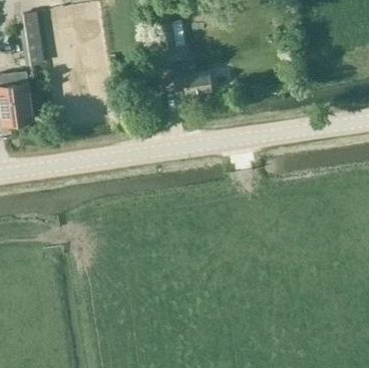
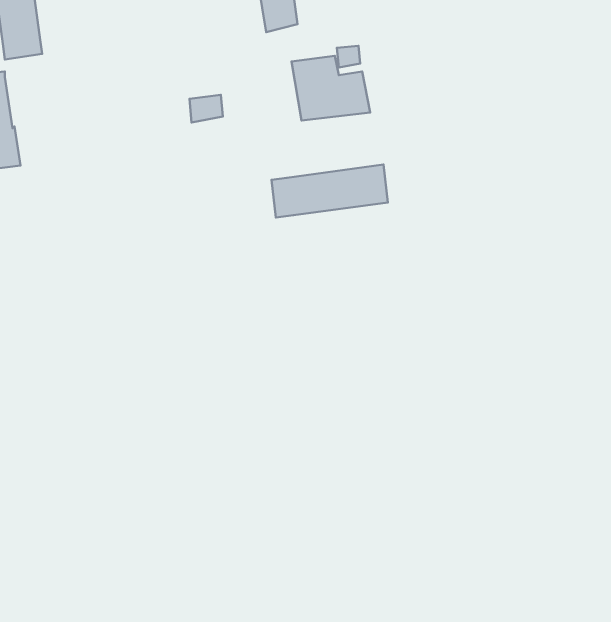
building: none -> [272,165,388,218]

